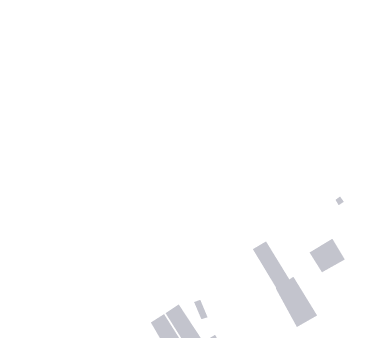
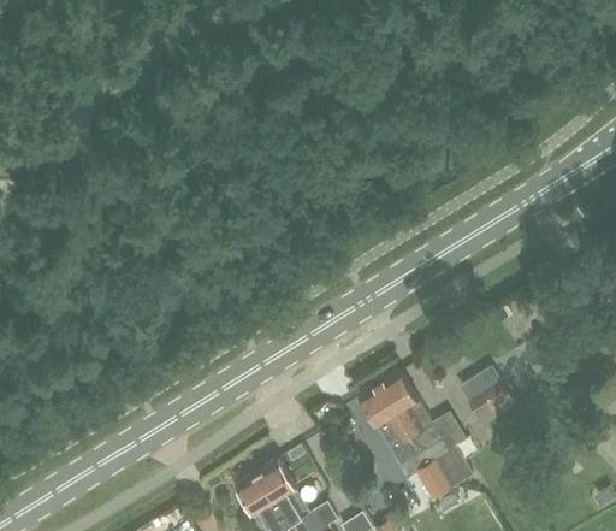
building: none -> [359,384,440,500]

